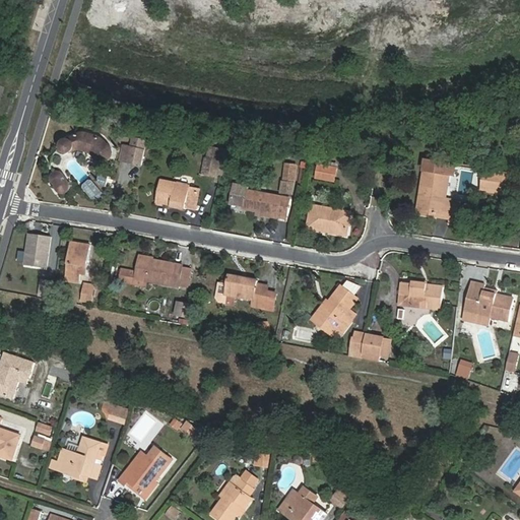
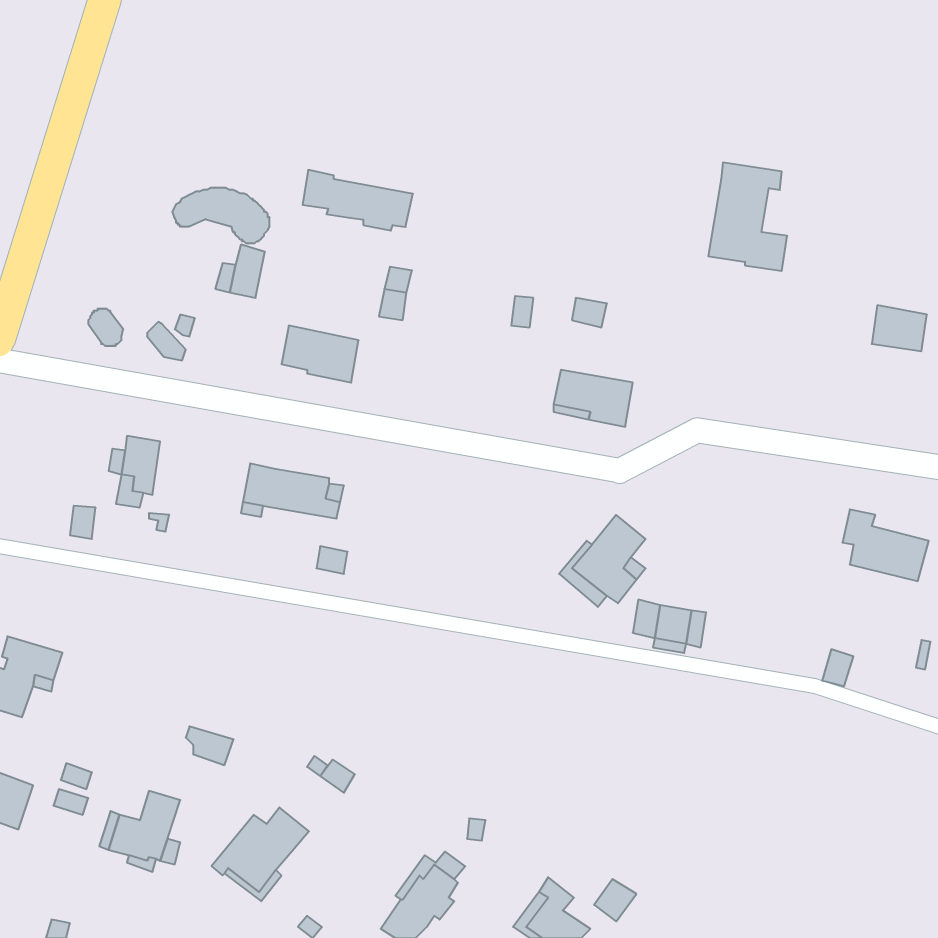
building: [58,131,112,161] -> [172,188,270,243]
building: [416,159,460,219] -> [708,162,787,271]
building: [229,184,289,217] -> [303,170,413,231]
building: [24,234,51,267] -> none
building: [224,274,266,308] -> none
building: [398,280,442,309] -> none

